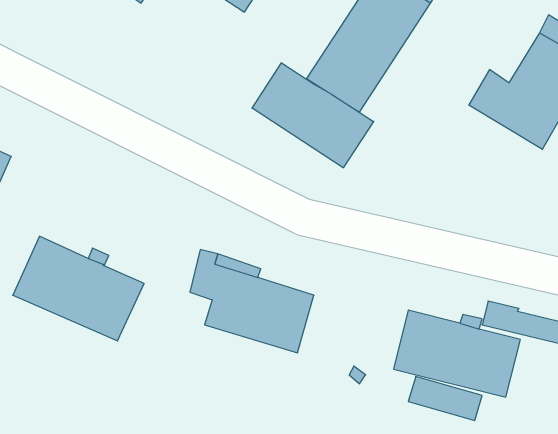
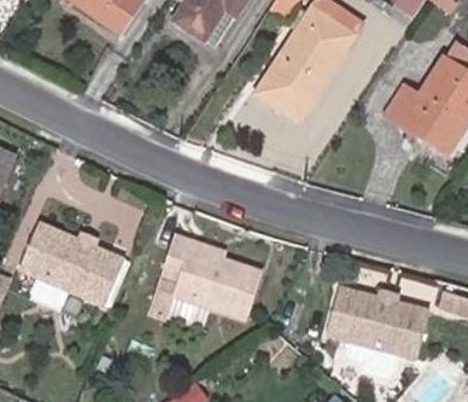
building: [252,63,374,168] -> none

